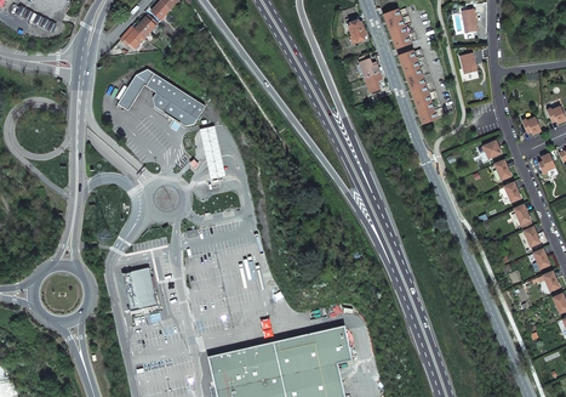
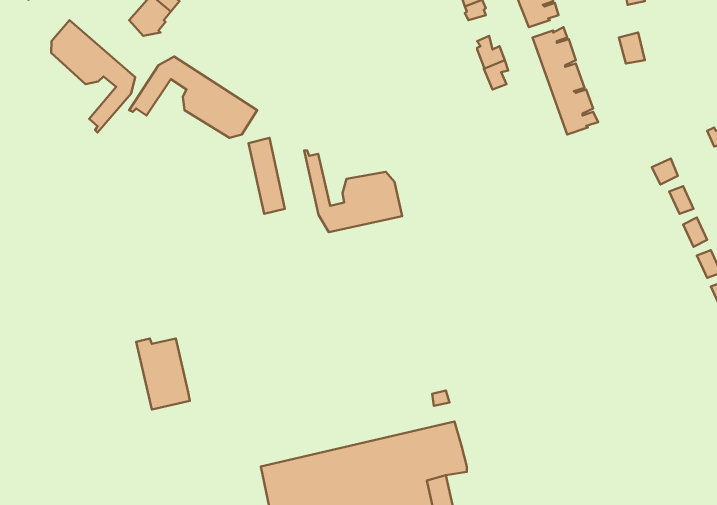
building: none -> [51,20,135,133]
building: none -> [304,150,402,232]

